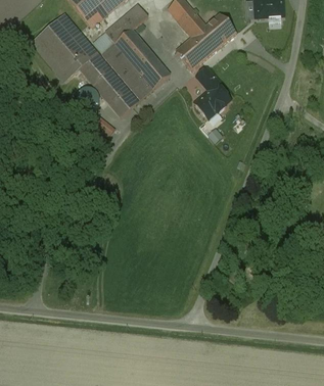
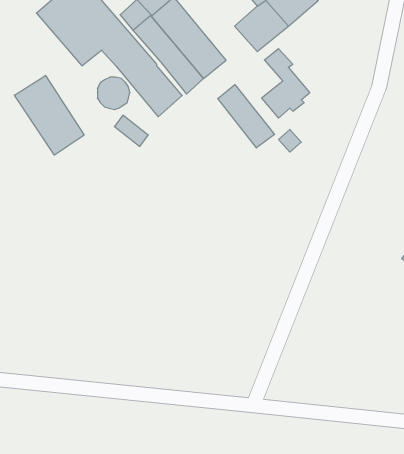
building: none -> [14,75,84,155]
building: none -> [218,85,275,148]

